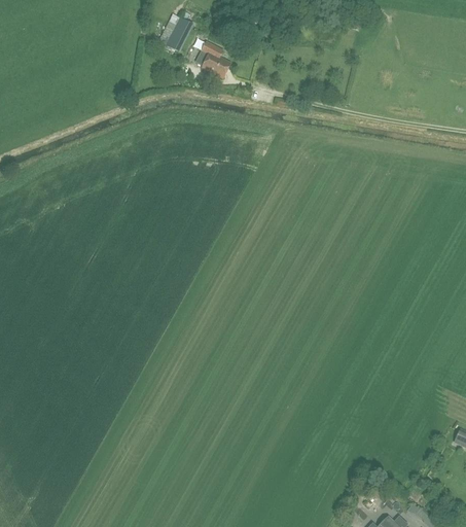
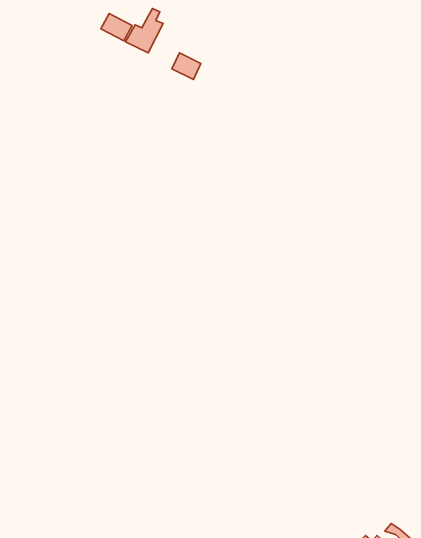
building: none -> [101,13,132,41]

